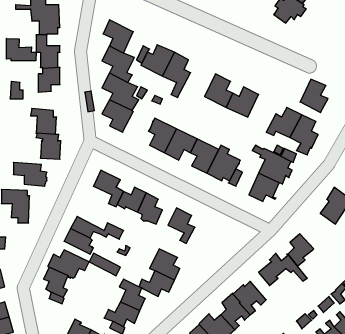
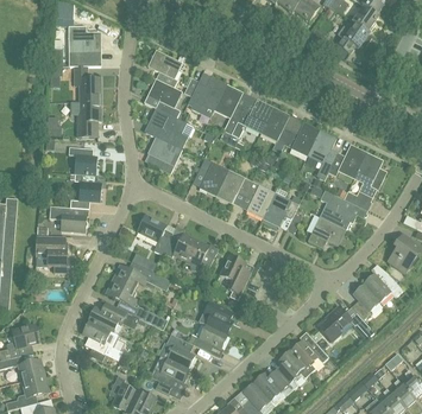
building: [6,38,36,61] -> none
building: none -> [226,101,271,146]
building: [300,79,328,113] -> [307,130,338,167]
building: none -> [363,273,402,305]

